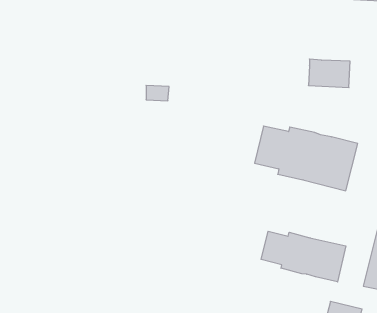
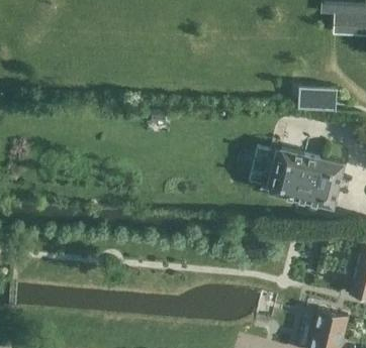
building: [261,231,346,282] -> none

